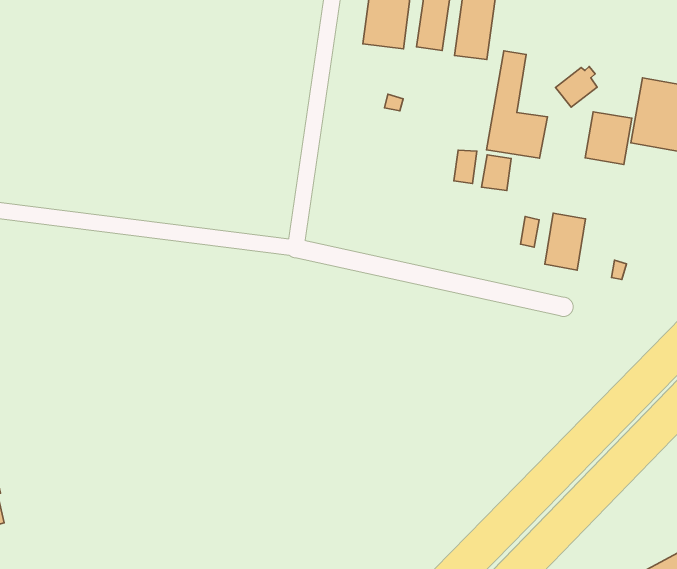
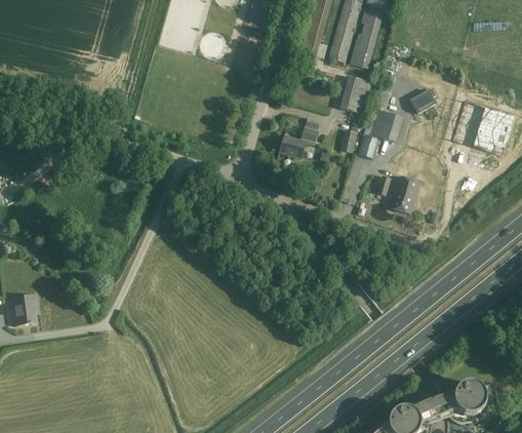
building: none -> [337,74,371,113]
building: [585,112,632,164] -> none
building: none -> [278,120,316,157]

